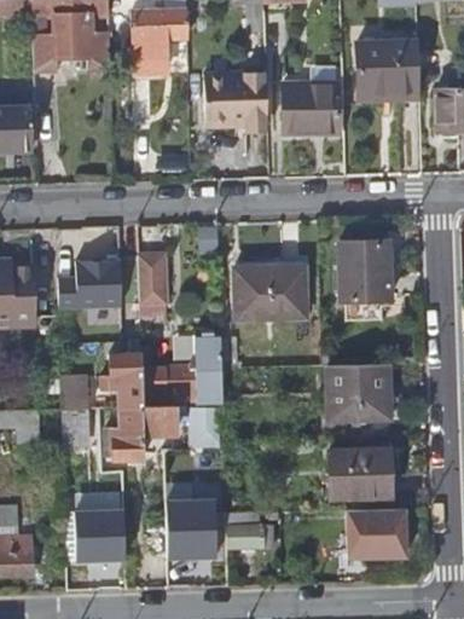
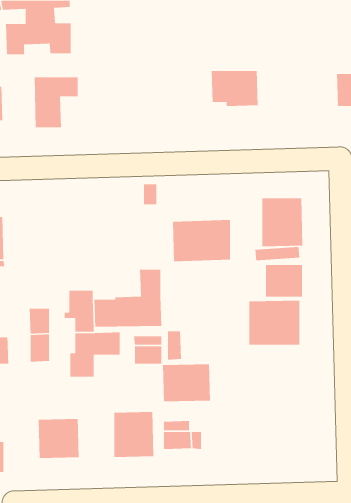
building: [134,12,188,75] -> [34,76,79,128]
building: [359,33,423,97] -> none
building: [205,69,268,123] -> none
building: [139,254,164,303] -> none
building: [60,259,121,306] -> none
building: none -> [265,264,303,297]
building: [327,450,387,497] -> [162,363,211,402]
building: [344,519,405,556] -> none

